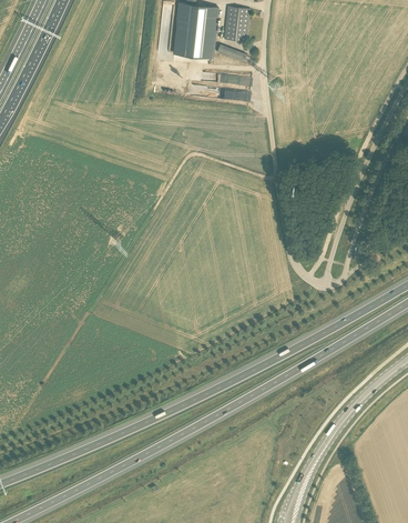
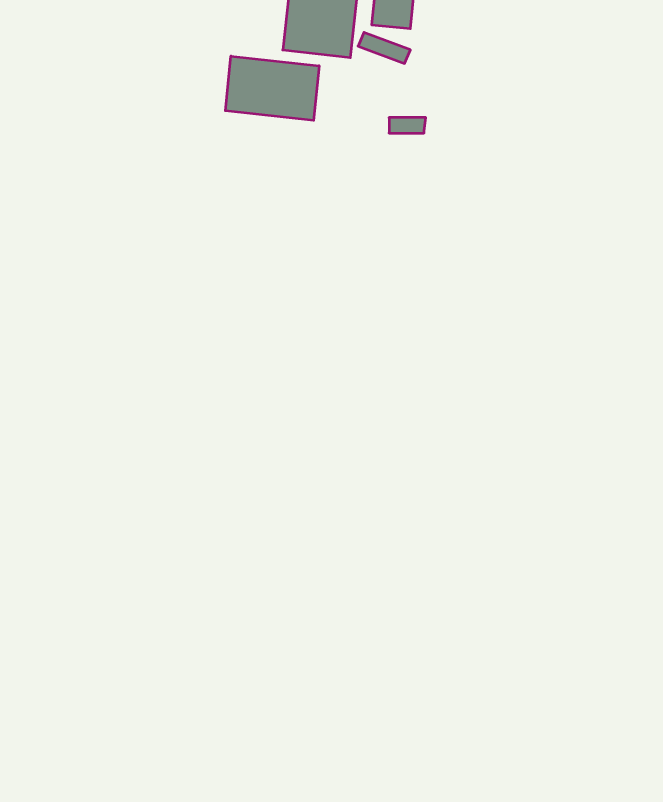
building: none -> [225,56,319,120]

